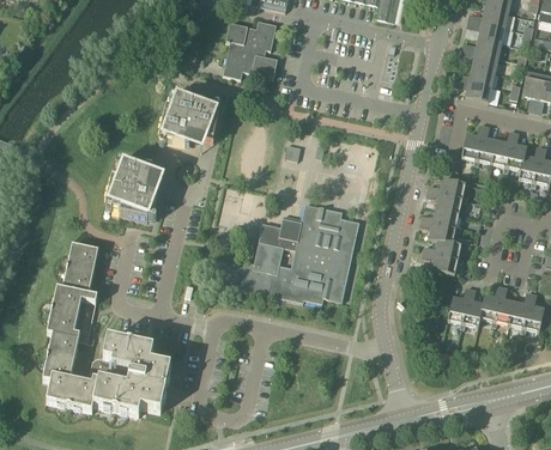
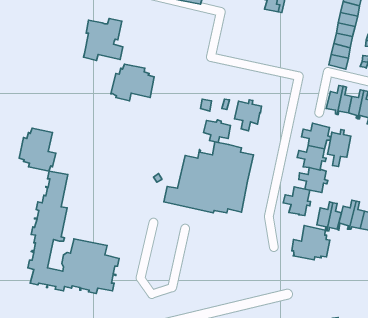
building: [222,19,277,78] -> [84,19,123,60]
building: none -> [234,100,261,131]
building: [105,159,157,219] -> [19,128,56,171]
building: none -> [203,120,231,143]
building: none -> [327,130,351,166]
building: none -> [283,187,311,216]
building: none -> [292,226,330,260]

